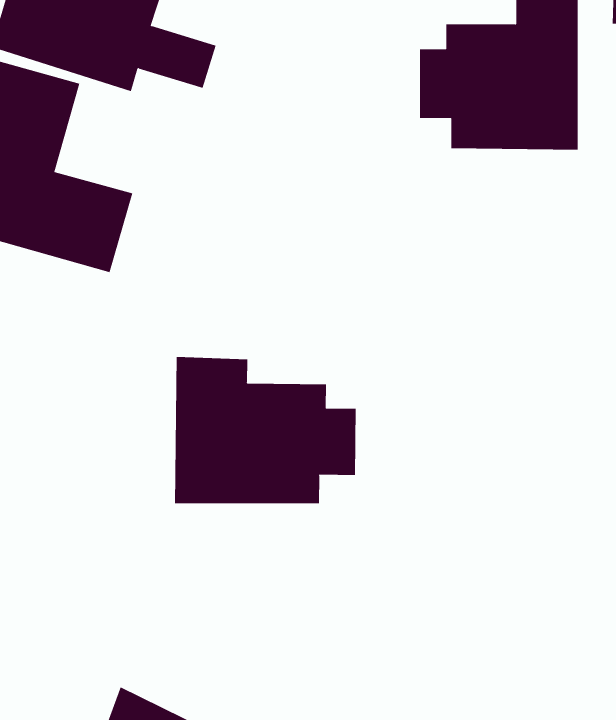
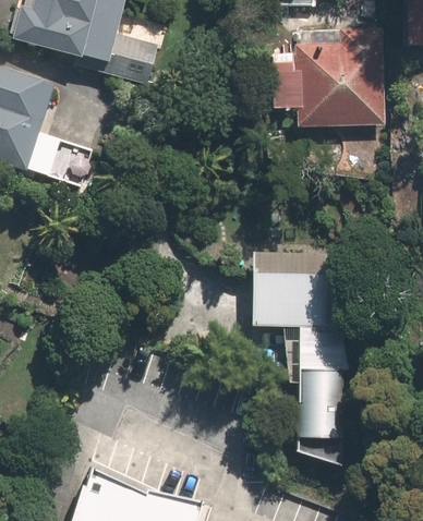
building: none -> [249,250,341,440]
building: [175,356,356,504] -> none

